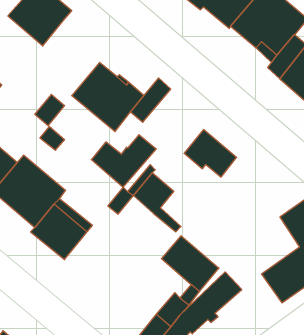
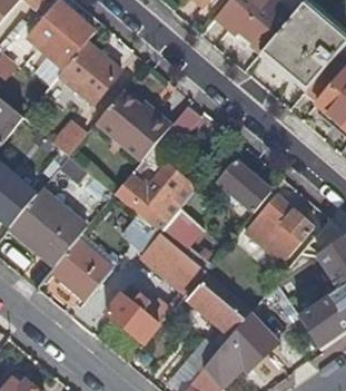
building: none -> [57,40,120,104]
building: none -> [245,194,313,264]
building: none -> [148,240,206,289]
building: none -> [108,287,172,343]

